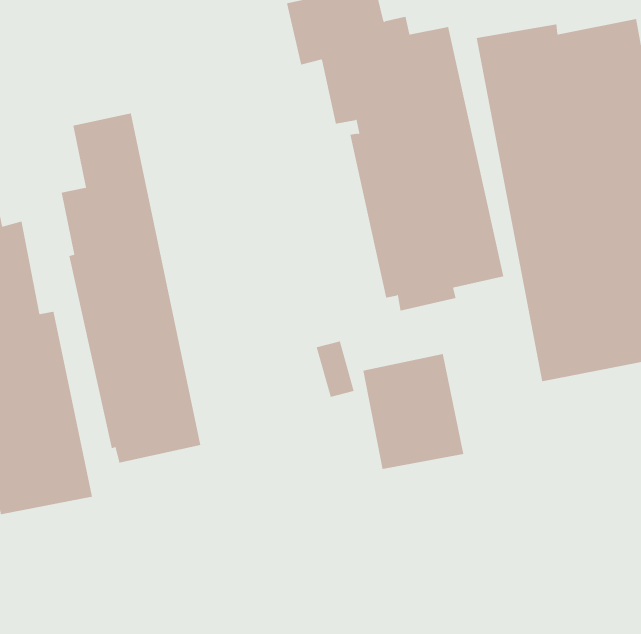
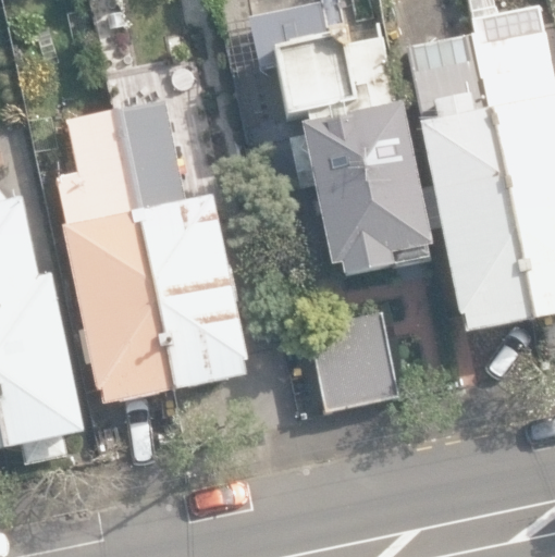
building: none -> [116,98,246,388]

